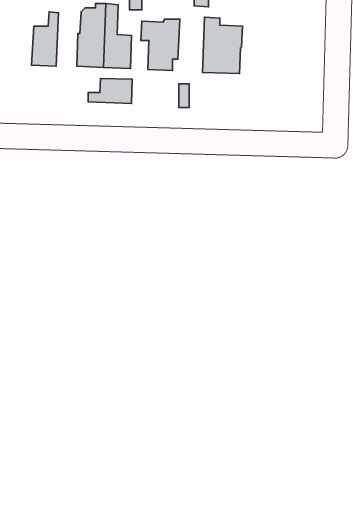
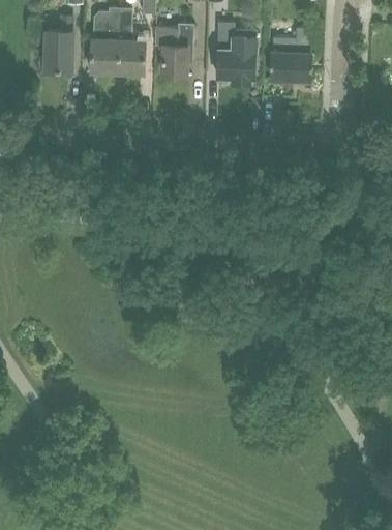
building: none -> [270,29,311,82]
building: [88,78,132,103] -> none

